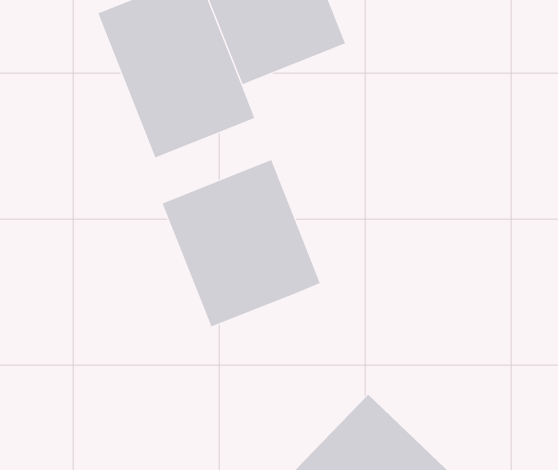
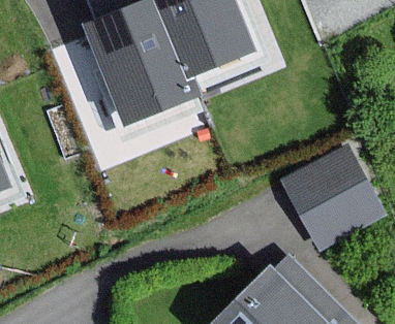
building: [162,159,321,327] -> none
building: none -> [284,149,379,245]

